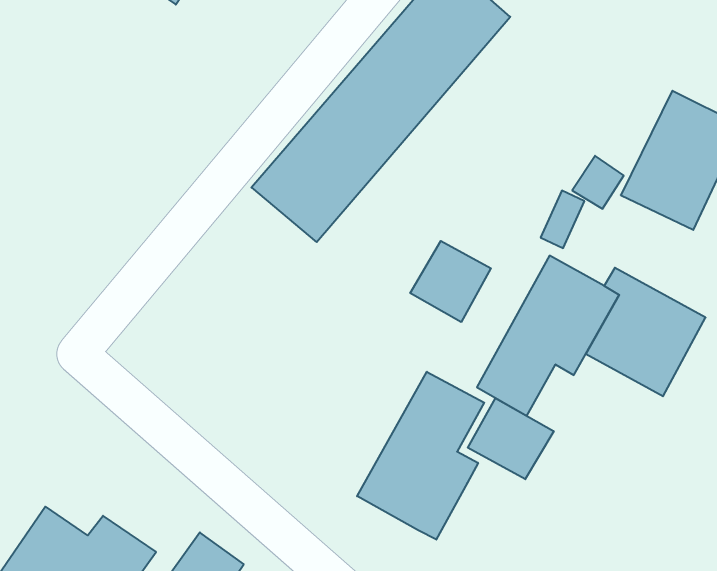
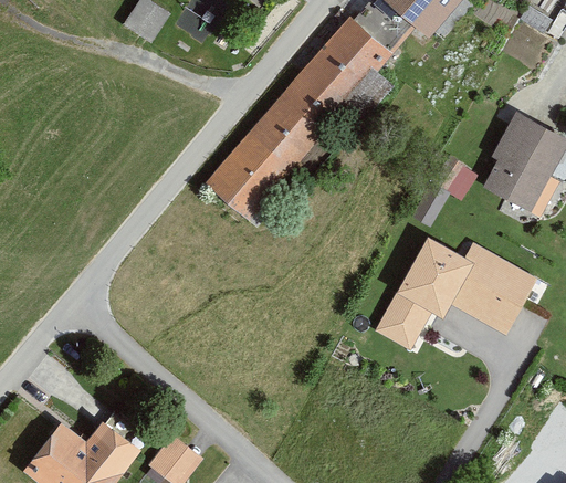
building: [410,241,491,322] -> none
building: [357,372,484,540] -> none
building: [468,398,554,479] -> none

